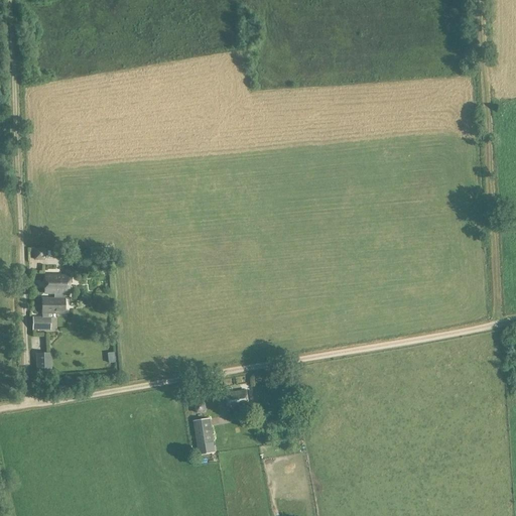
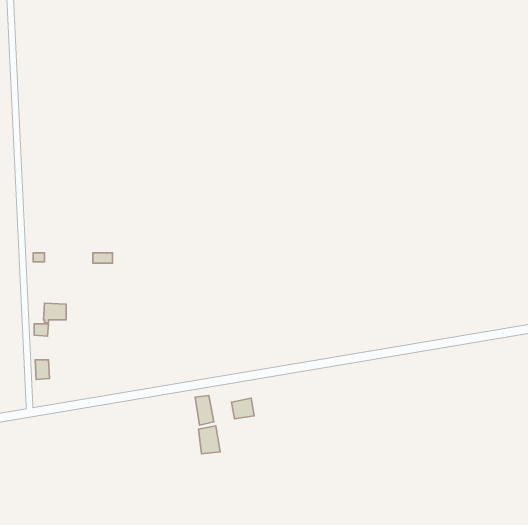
building: [44,274,69,292] -> none
building: none -> [195,395,214,425]

